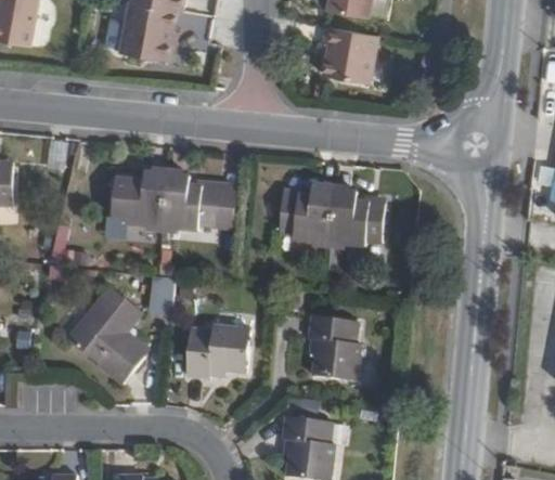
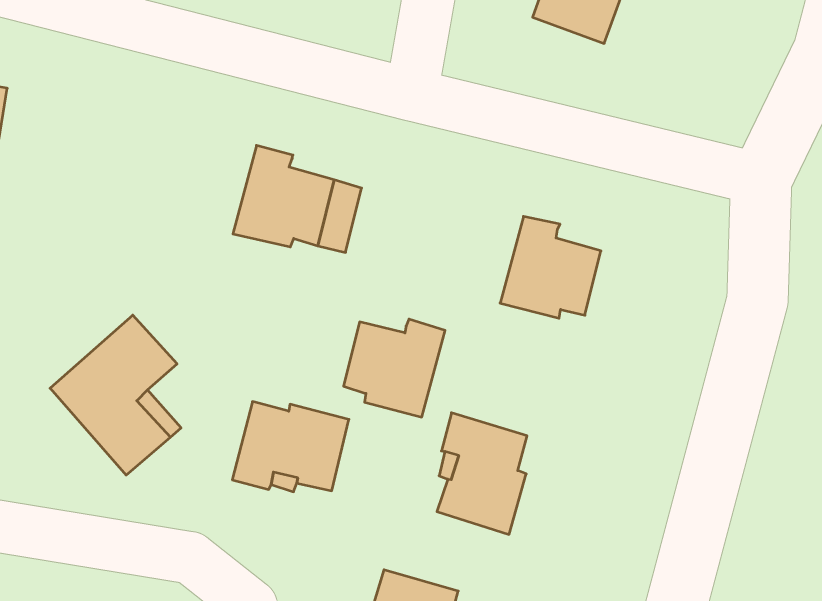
building: [112,171,168,229] -> none
building: [280,186,335,244] -> [344,319,445,417]
building: [152,277,178,315] -> none

